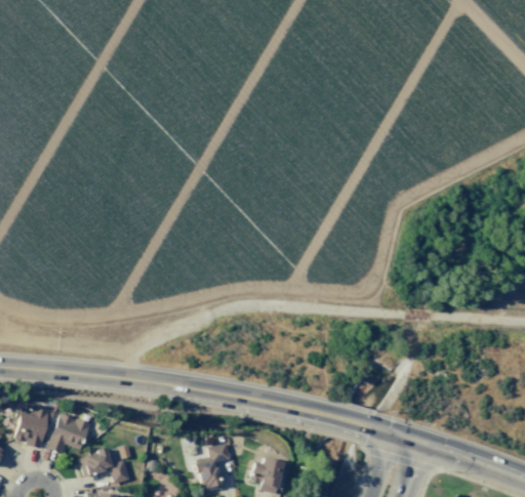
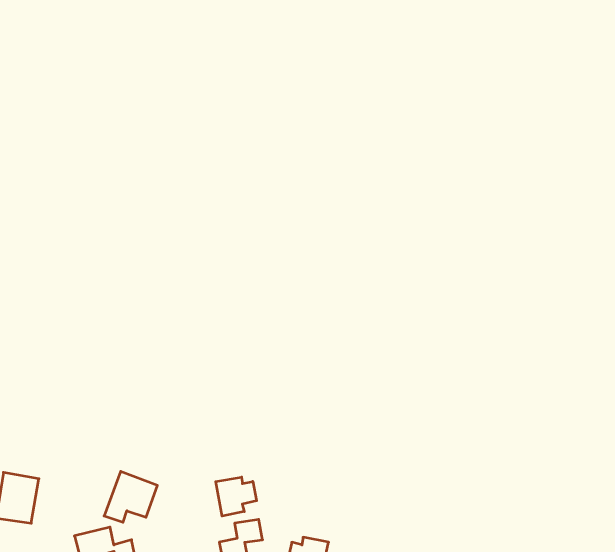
building: none -> [216,477,257,516]
building: [48,412,91,453] -> [104,471,157,522]

